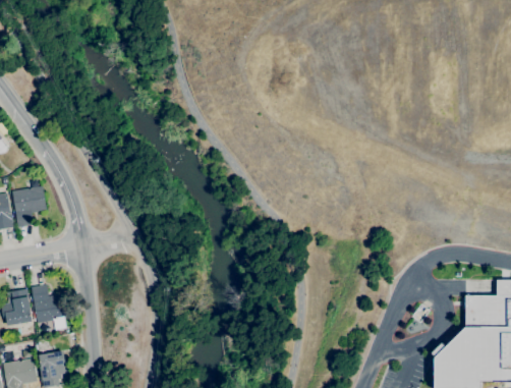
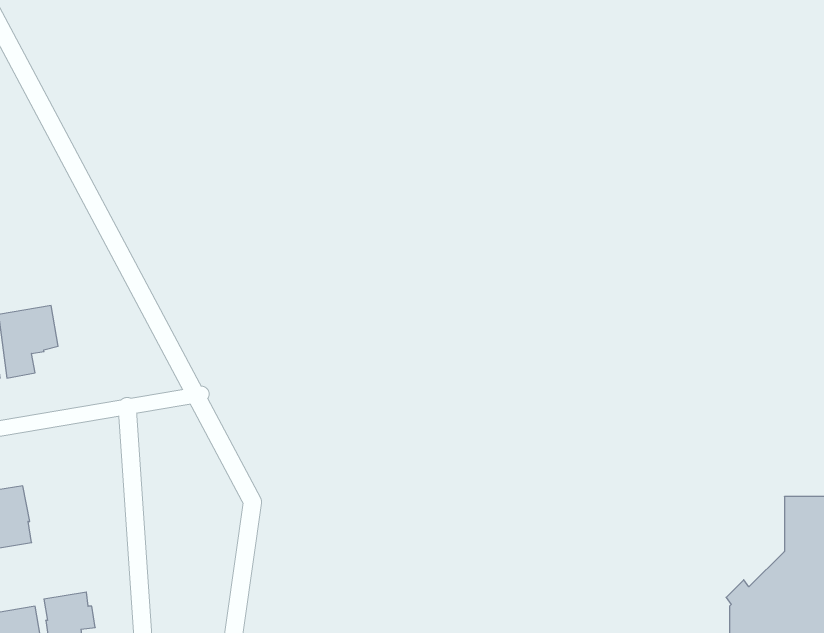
building: [31,284,67,323] -> none

